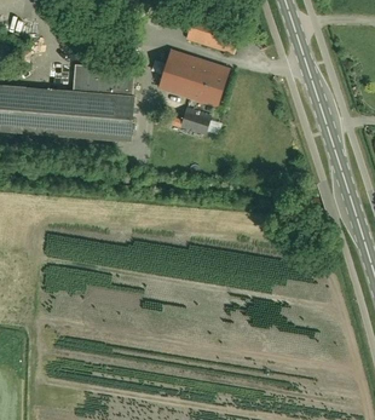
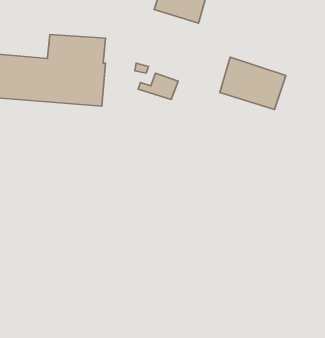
building: [158,50,229,105] -> [220,57,286,110]

